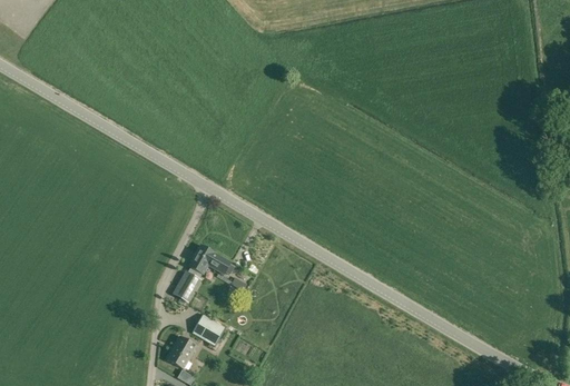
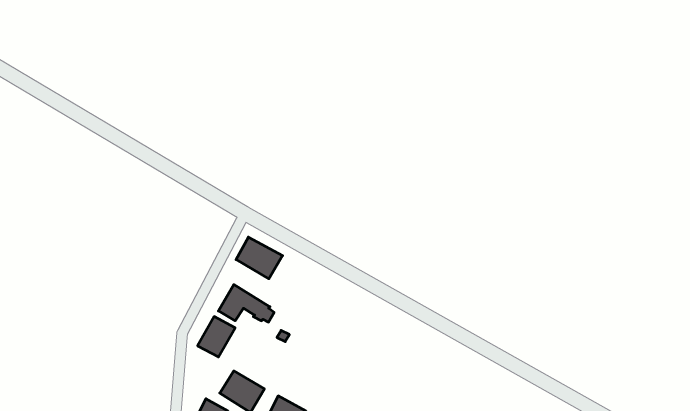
building: none -> [236,237,283,279]

